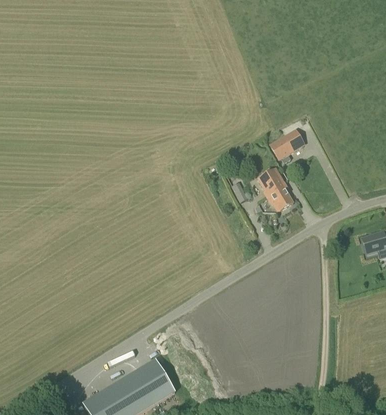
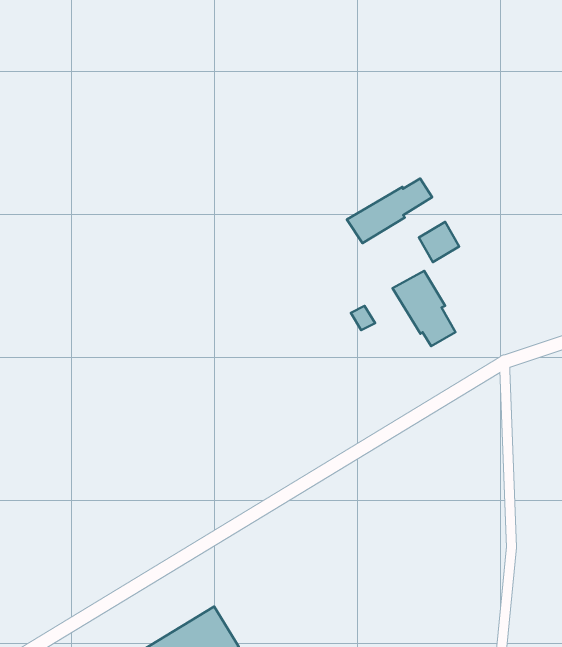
building: none -> [347,179,432,243]

